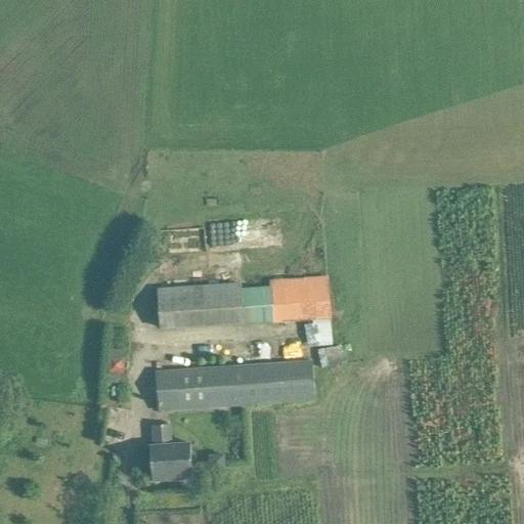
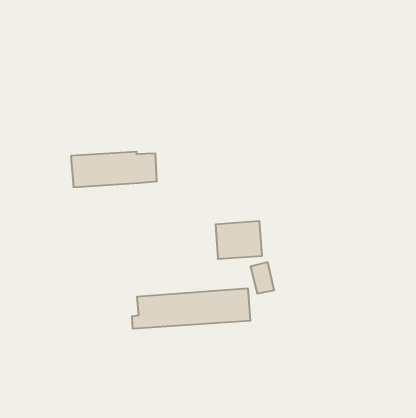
building: [156,283,263,328] -> [71,152,157,187]
building: [147,424,190,481] -> none

